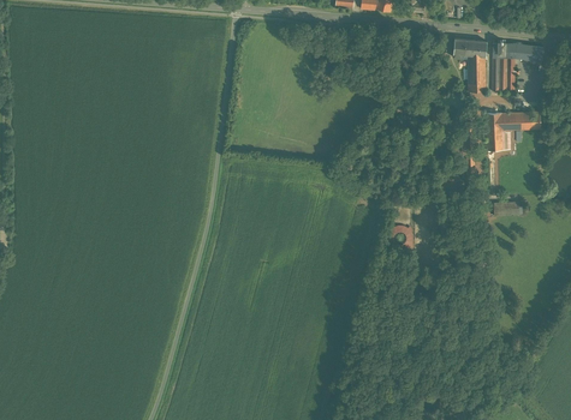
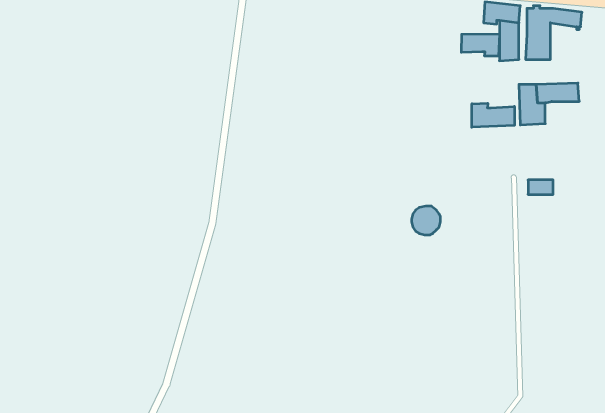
building: none -> [461,34,499,56]
building: none -> [472,103,514,127]

